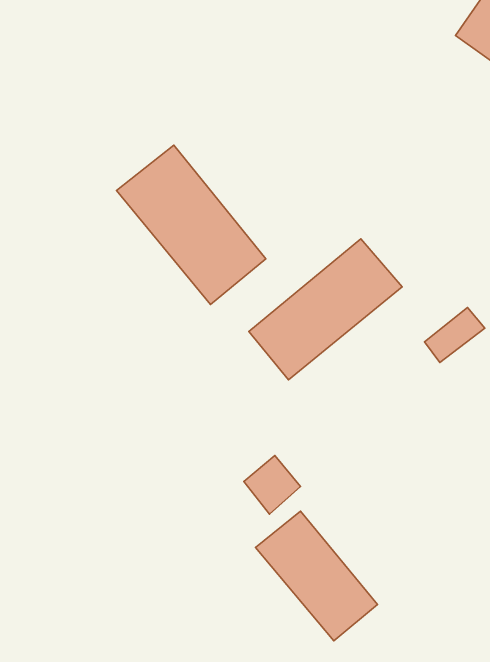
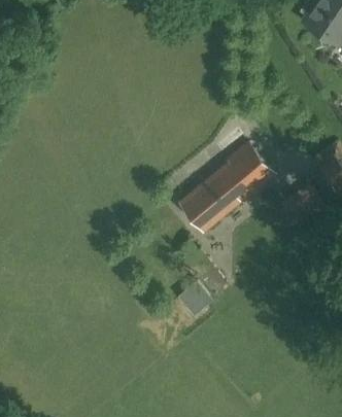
building: [117,145,266,304] -> none
building: [256,511,377,641] -> none

